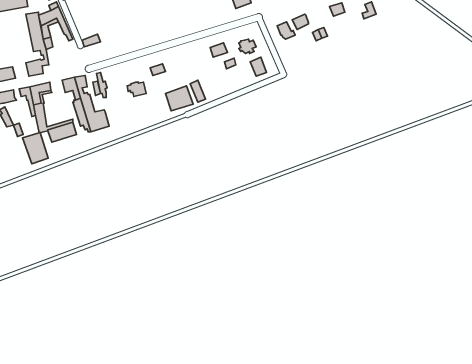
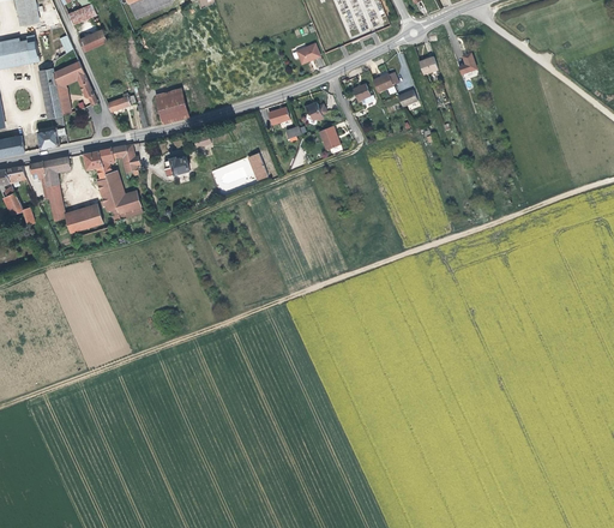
building: none -> [154,88,189,124]
building: [22,132,48,164] -> none

